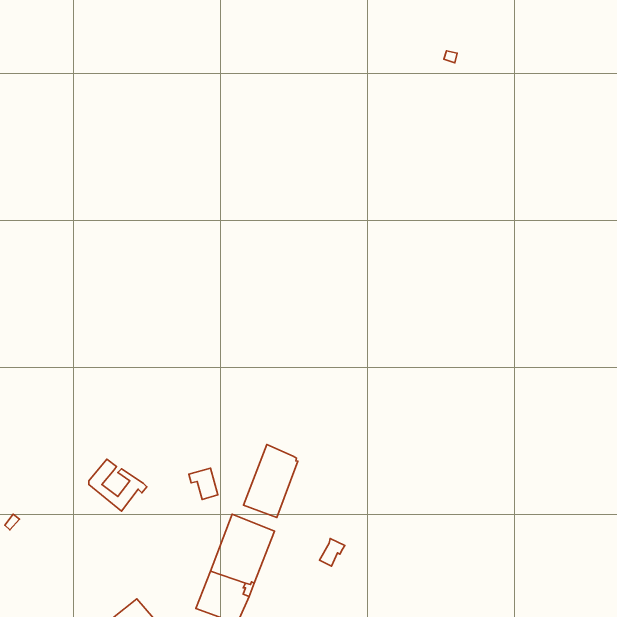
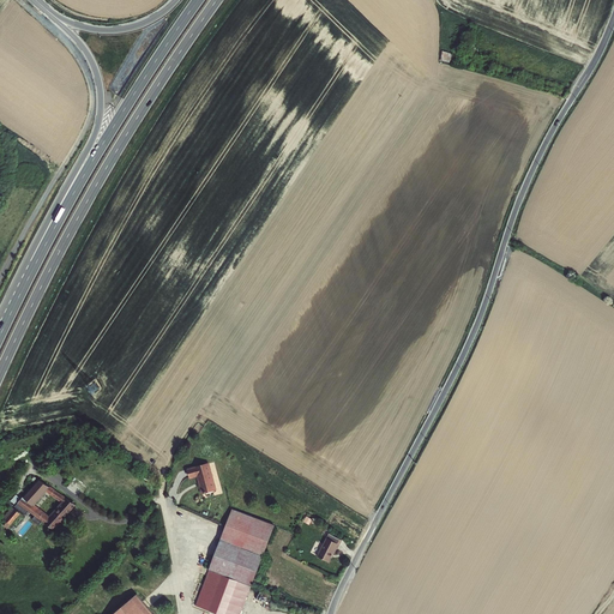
building: [243,444,298,517] -> none
building: [89,459,147,511] -> [20,481,78,532]

